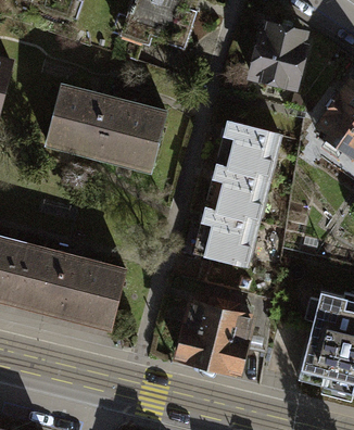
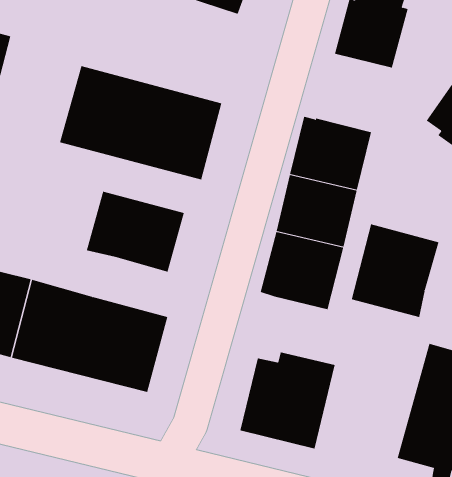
building: none -> [86,191,185,273]
building: none -> [351,224,439,318]

